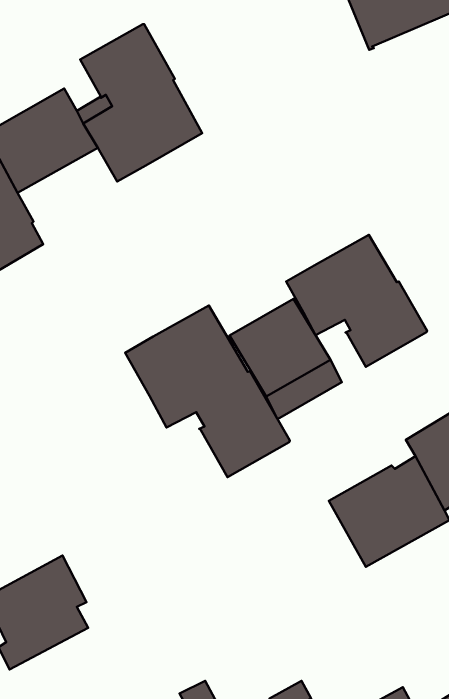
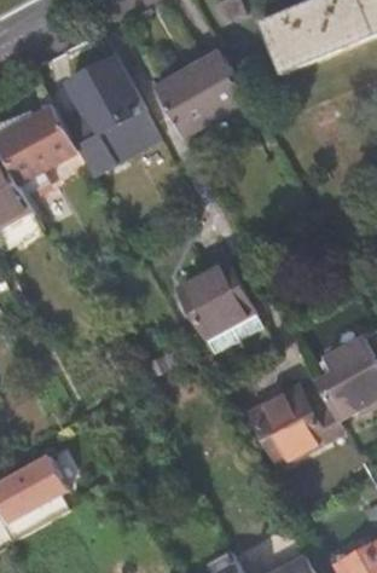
building: none -> [152,50,244,137]
building: [286,235,427,367] -> none
building: [125,305,290,477] -> none

